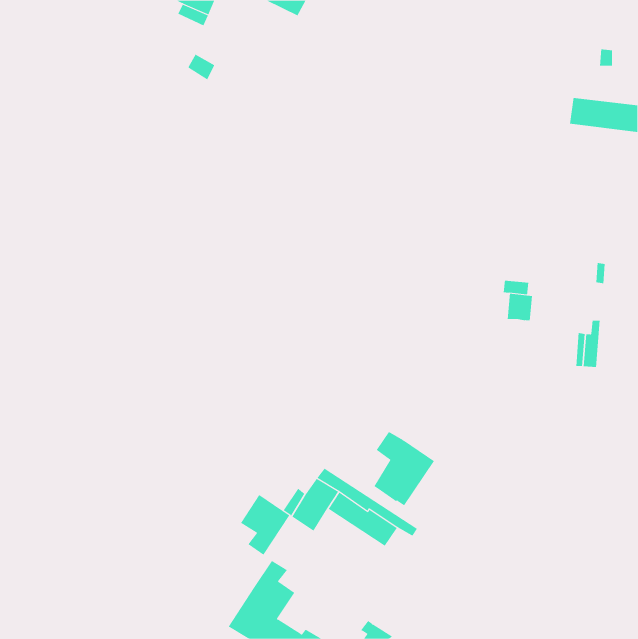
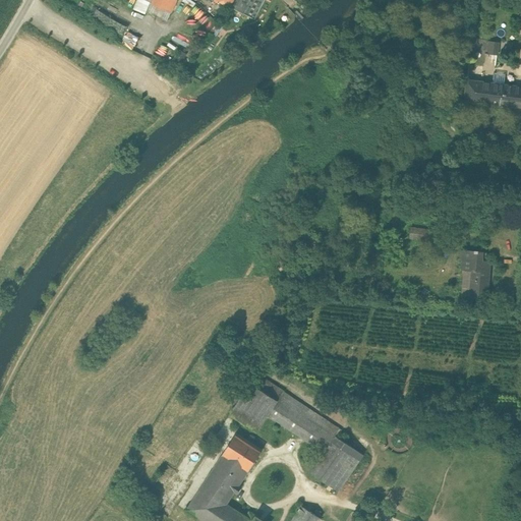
building: [507,293,533,321] -> [461,249,482,272]
building: [373,431,435,506] -> [311,429,361,490]
building: [240,494,290,555] -> [221,432,262,482]

